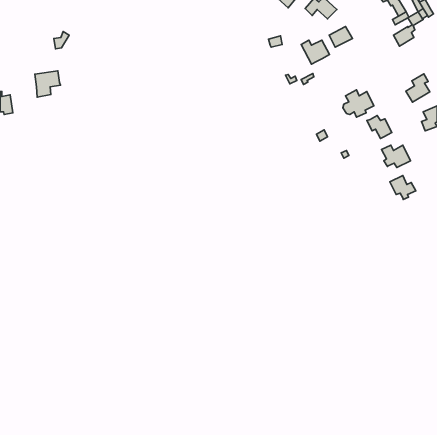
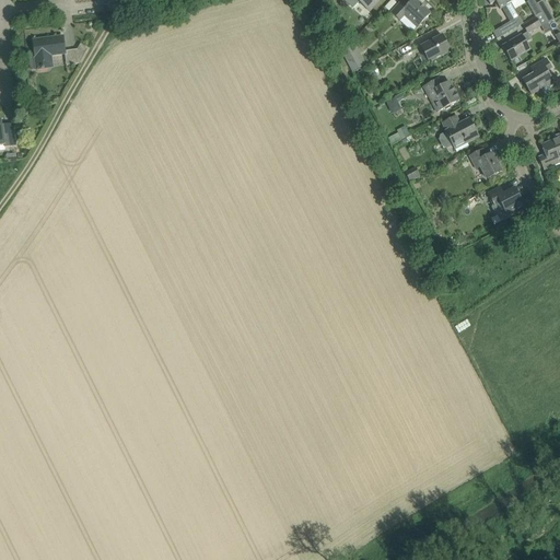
building: [301,40,329,64] -> [423,80,459,110]
building: [35,71,60,97] -> [33,34,66,68]
building: [406,74,430,102] -> [523,57,553,93]
building: [390,175,416,199] -> none

